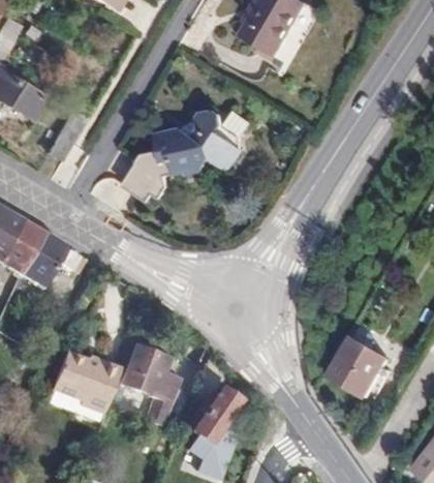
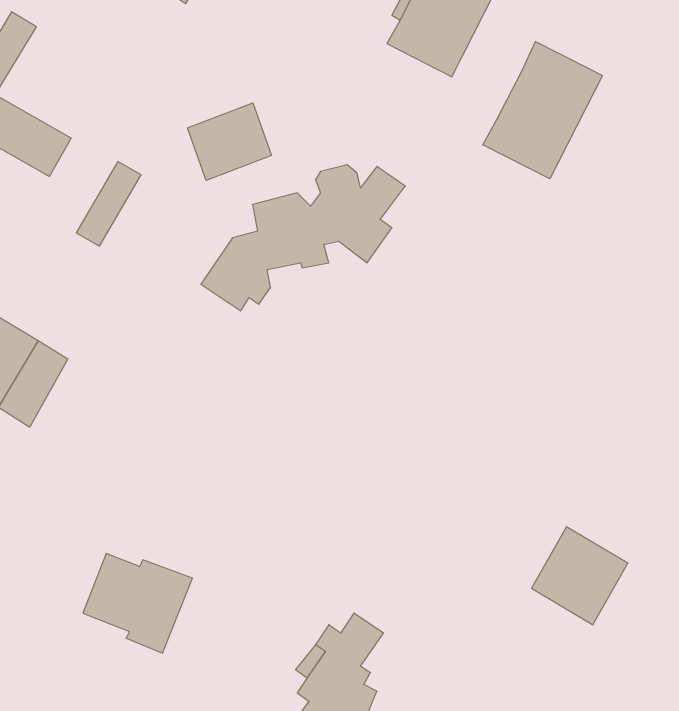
building: none -> [483,42,602,179]
building: none -> [187,103,271,180]
building: [19,231,82,286] -> none
building: [117,343,180,426] -> none

